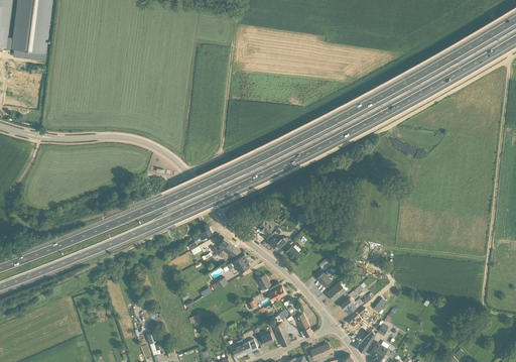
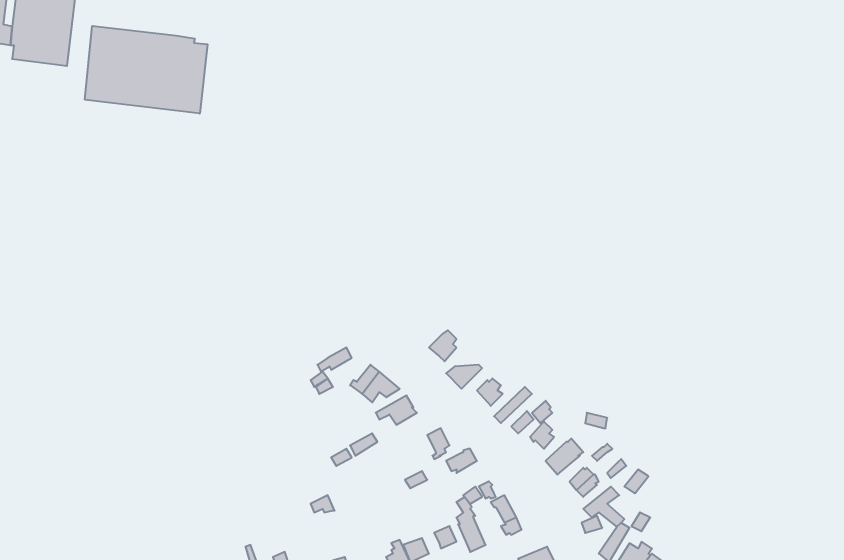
building: none -> [85,26,208,114]

